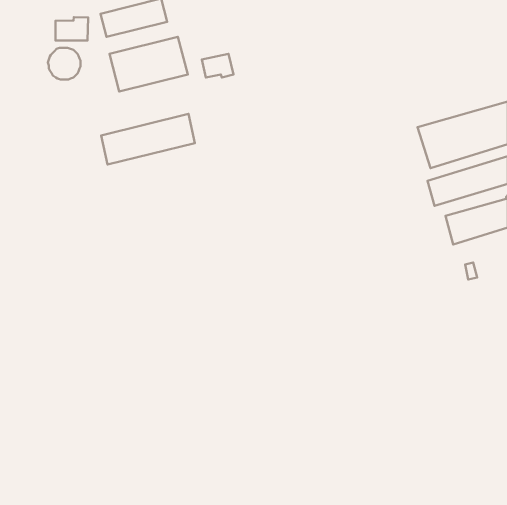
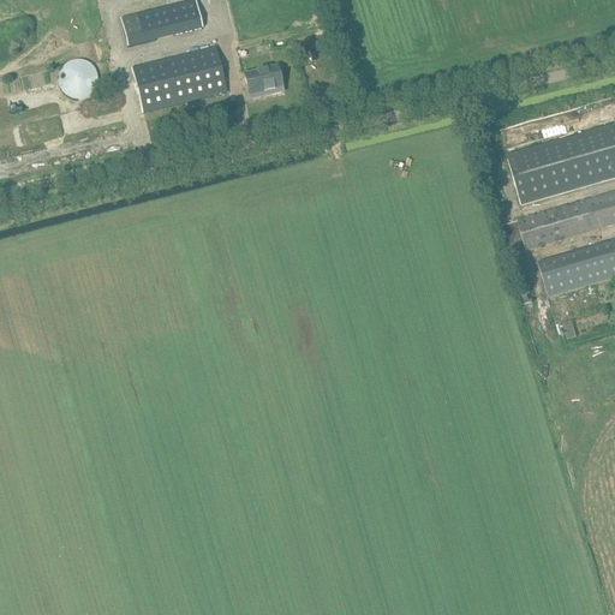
building: [56,17,88,40] -> none
building: [101,114,195,164] -> none

